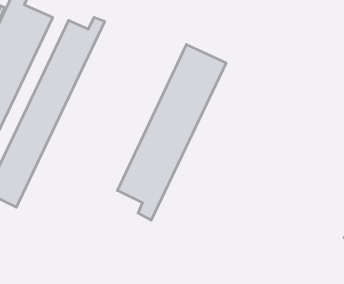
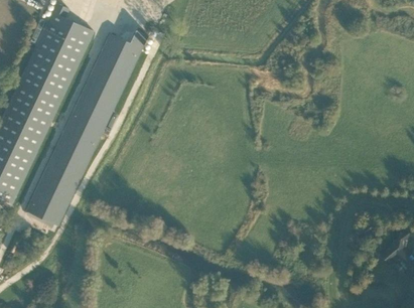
building: [117,44,226,220] -> none

